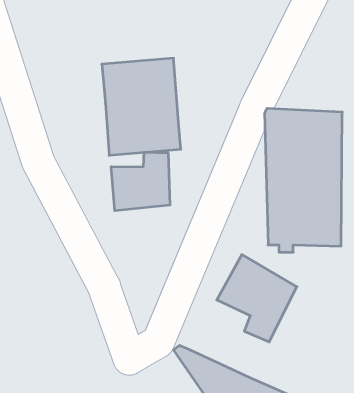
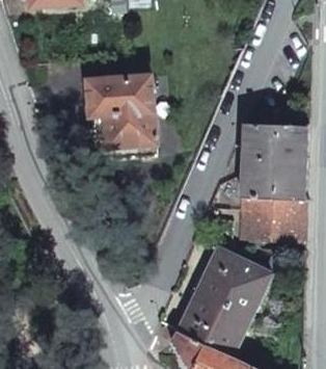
building: [111,152,170,211] -> none
building: none -> [172,287,241,354]

